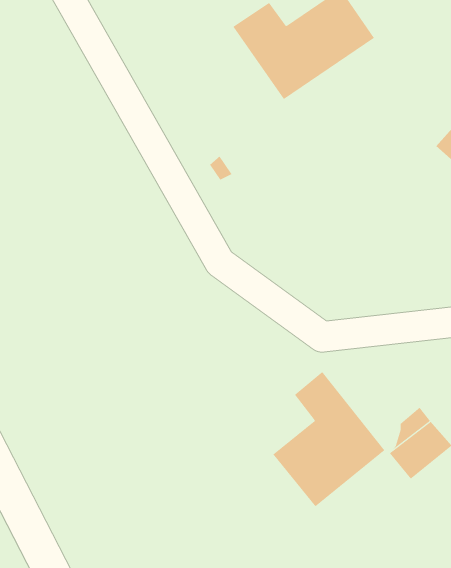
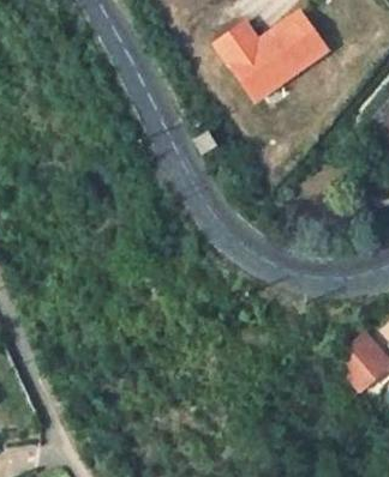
building: [272,371,385,507] -> none

